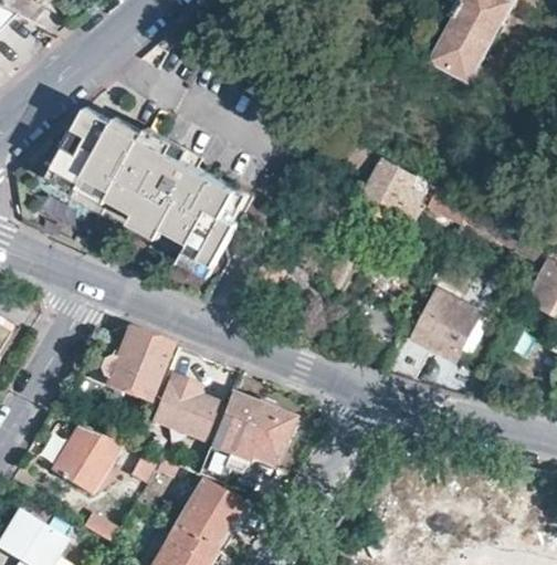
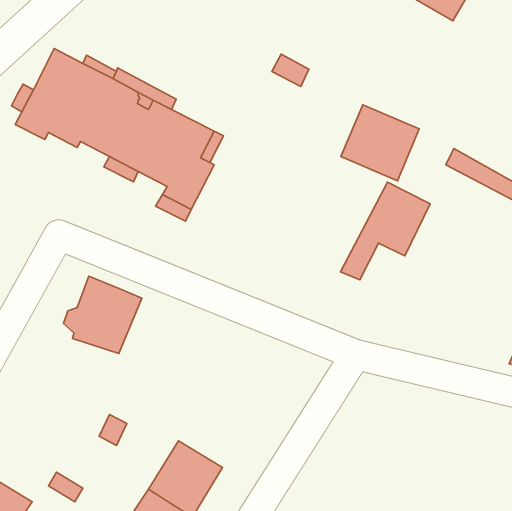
building: [395,286,481,380] -> [340,182,430,280]
building: [146,377,211,441] -> none
building: [196,393,293,485] -> none
building: [48,426,119,494] -> none

